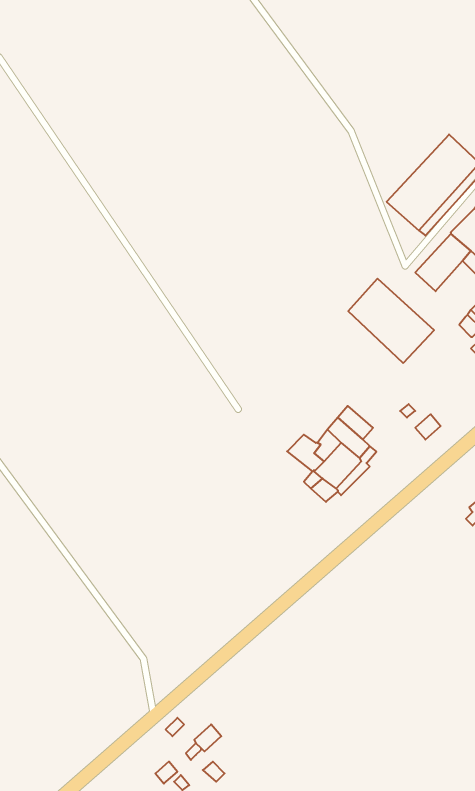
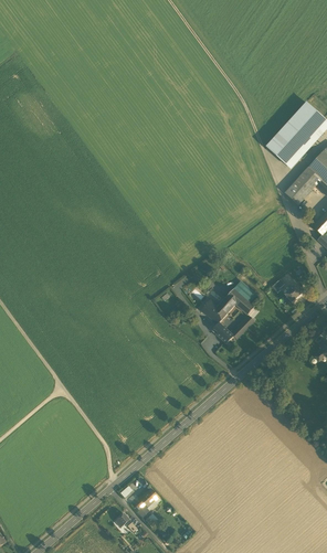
building: [348,279,434,363] -> none

